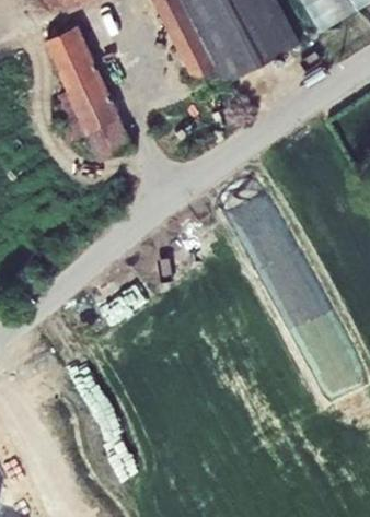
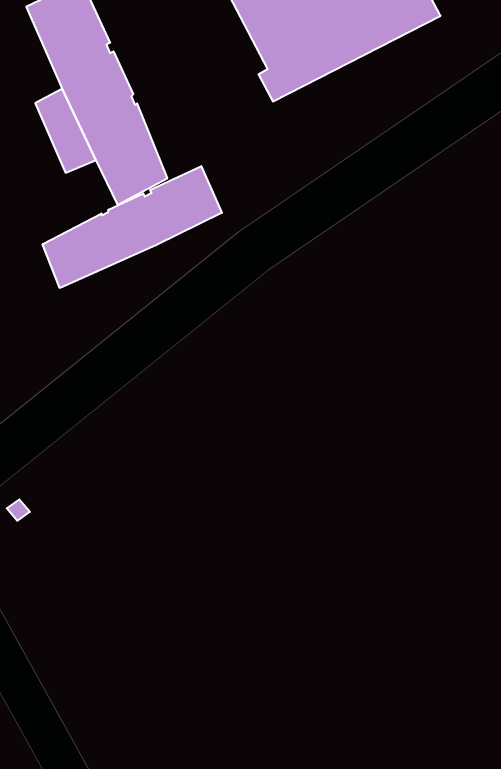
building: none -> [43,166,222,288]

